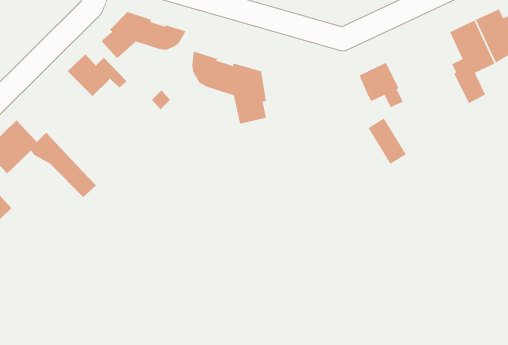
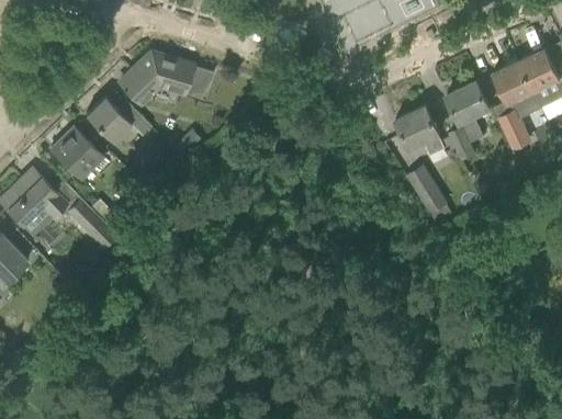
building: none -> [446,81,488,160]
building: [191,51,267,124] -> none
building: none -> [50,127,108,179]

